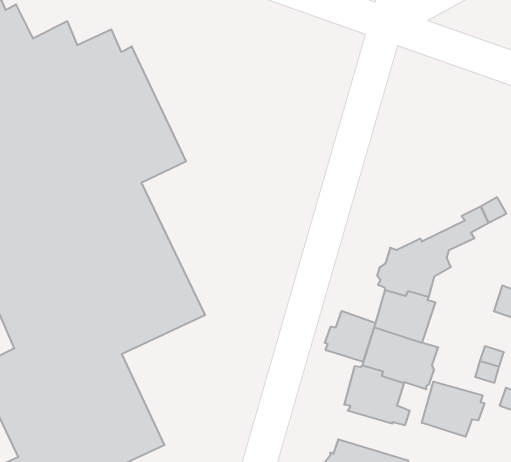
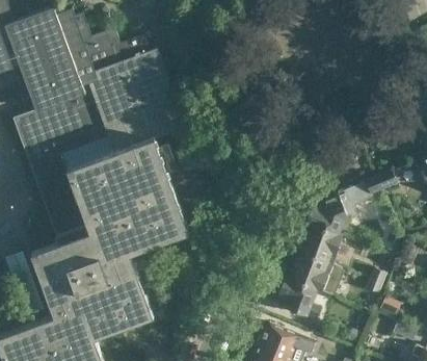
building: [325,311,375,362] -> none
building: [422,381,484,437] -> none

